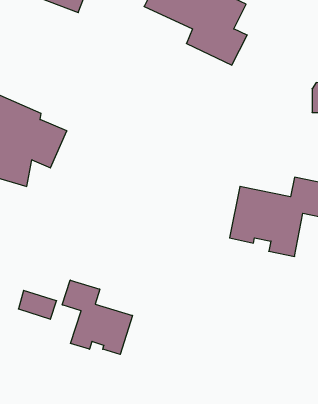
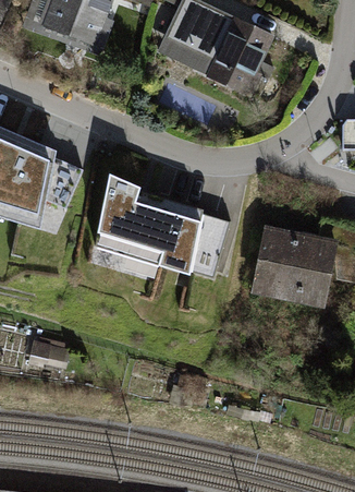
building: none -> [95,175,231,279]
building: [62,280,132,354] -> none

